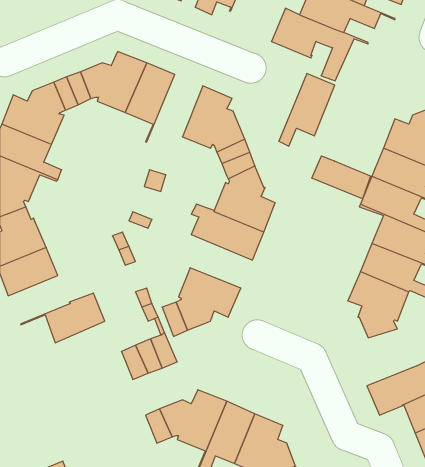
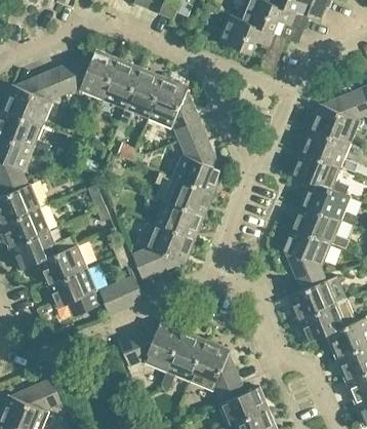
building: [279,74,335,146] -> [120,68,165,126]
building: [312,156,372,199] -> none
building: none -> [147,195,205,240]
building: none -> [8,230,58,269]
building: none -> [46,267,99,316]
building: none -> [288,273,338,319]

